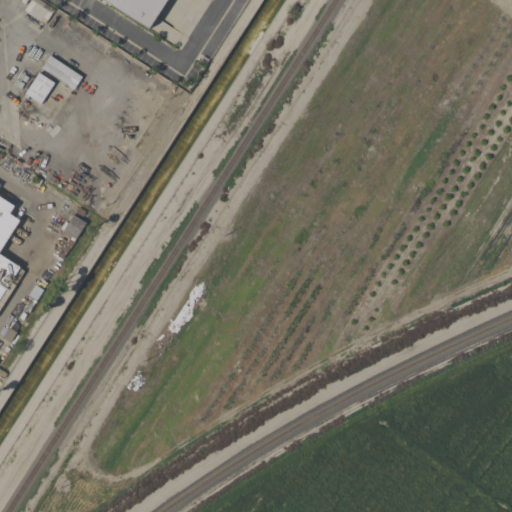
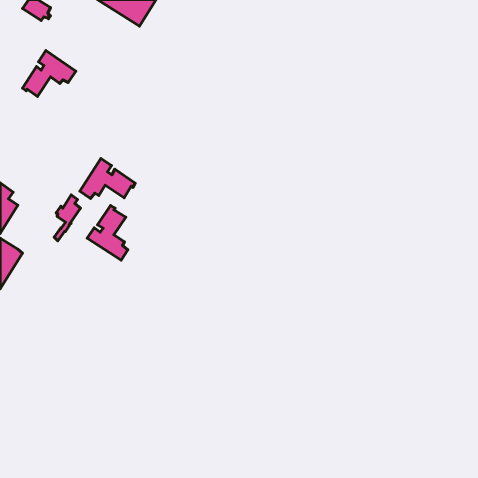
building: none -> [80,158,135,198]
building: none -> [87,206,128,260]

